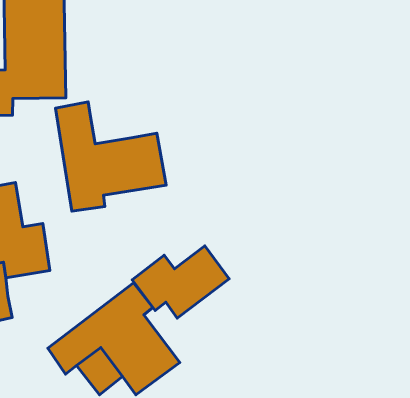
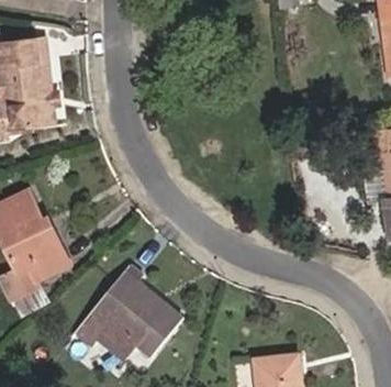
building: [55,102,166,211] -> none
building: [132,246,229,318] -> none

